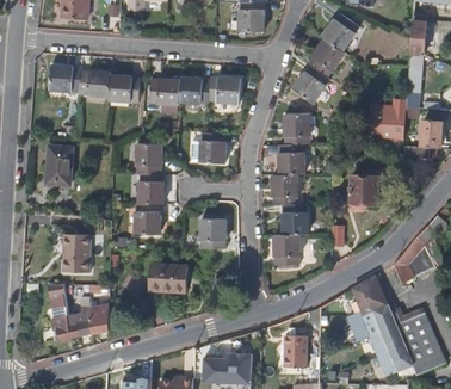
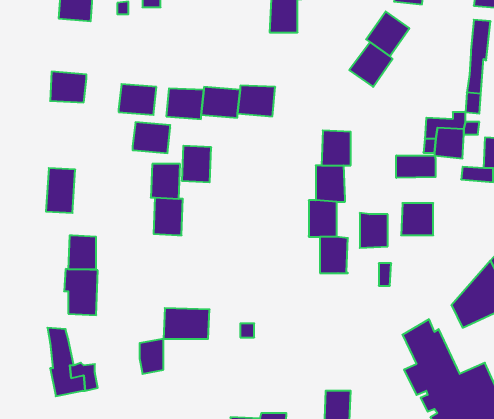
building: [292,66,329,104] -> none
building: [80,69,112,95] -> [133,122,170,153]
building: [203,131,228,162] -> [182,146,211,182]
building: none -> [396,155,436,178]
building: [136,202,160,230] -> [68,235,96,269]
building: [200,217,224,248] -> none
building: [273,234,297,264] -> [360,213,388,248]
building: [89,303,110,333] -> [140,339,163,374]

